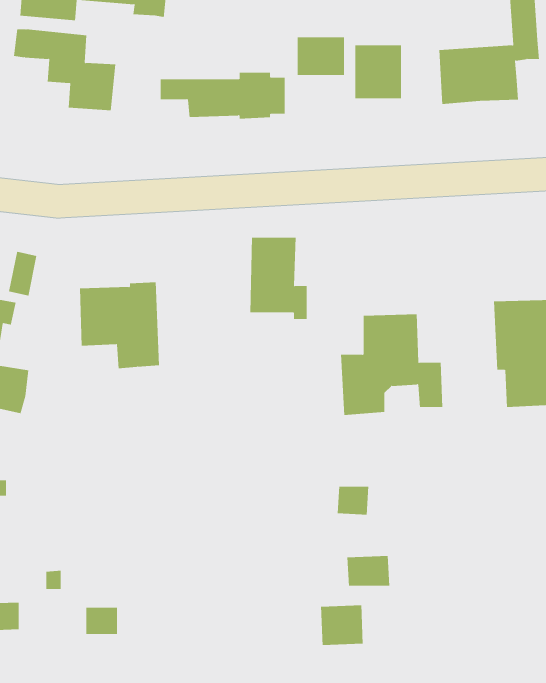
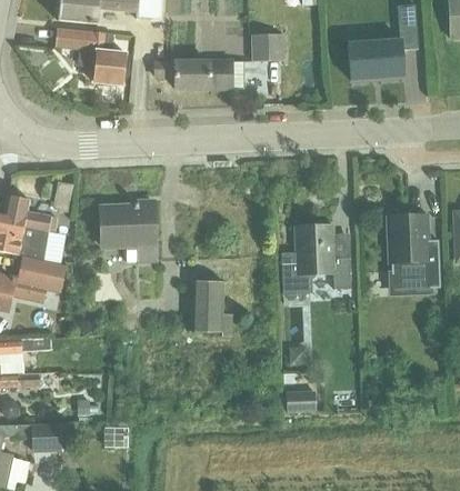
building: [355,45,402,99] -> none
building: [250,237,308,319] -> [191,280,231,337]
building: [320,604,363,646] -> none

